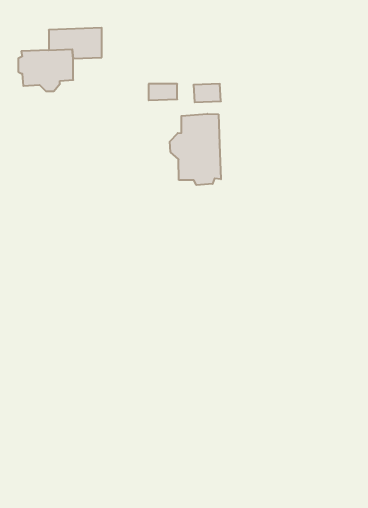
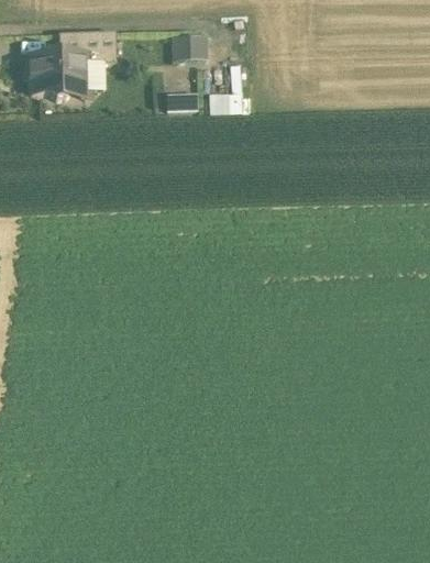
building: none -> [168,37,206,62]
building: [170,114,221,185] -> none

